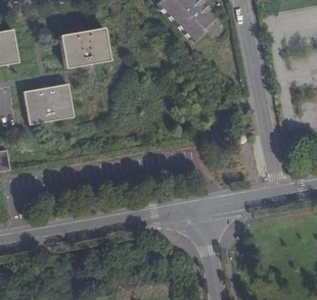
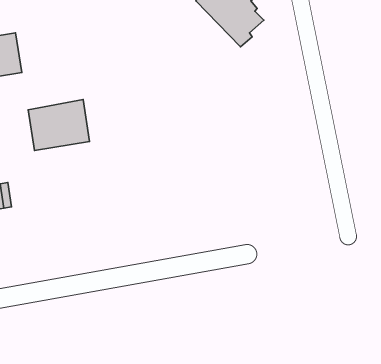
building: [59,28,108,67] -> none

